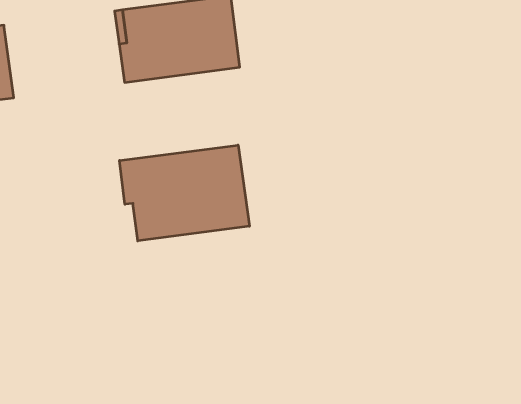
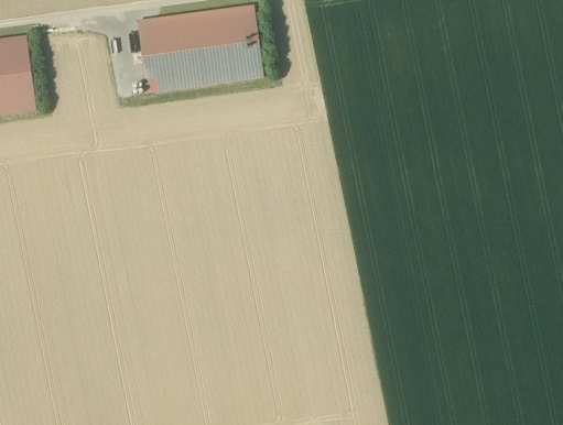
building: [120,145,249,241] -> none

